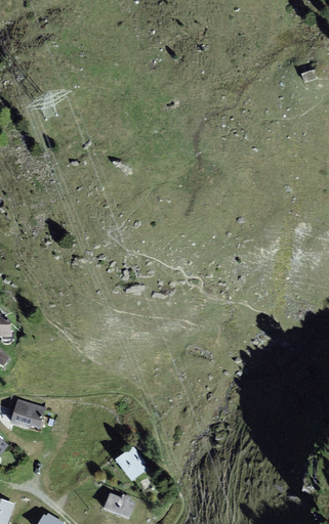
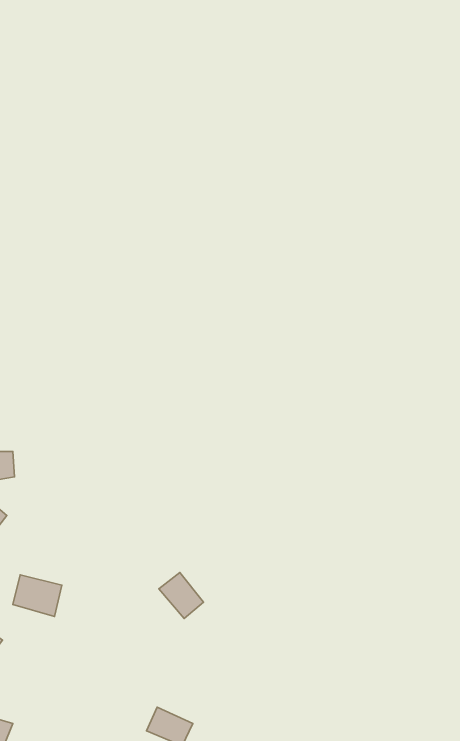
building: [116,446,147,478] -> [159,572,203,618]

